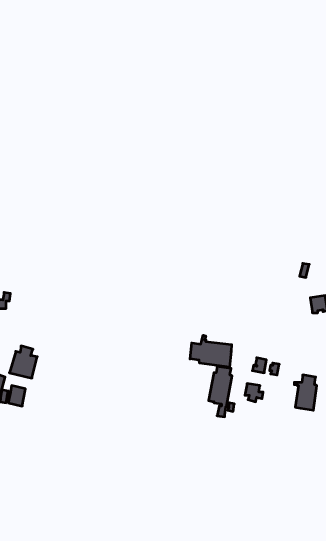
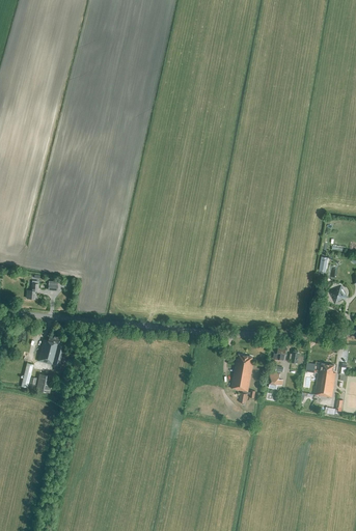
building: [190,335,232,367] -> none

